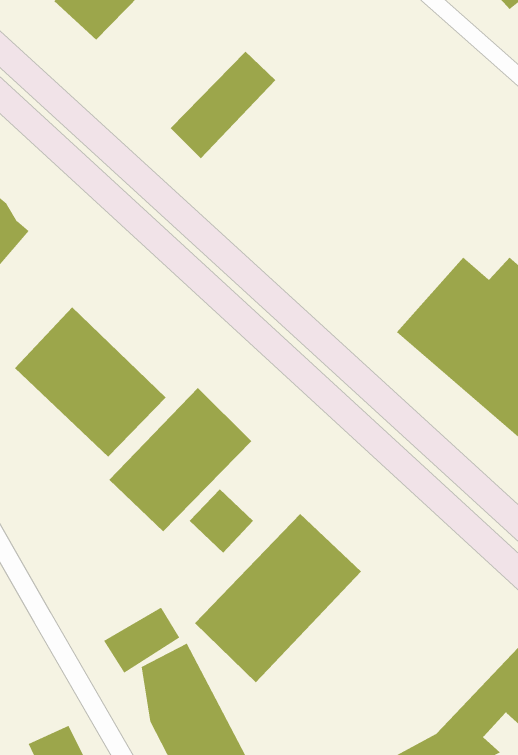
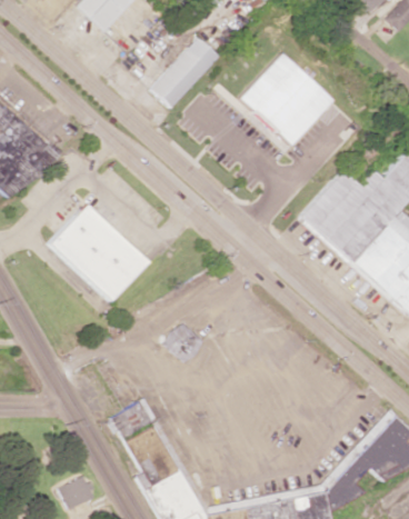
building: none -> [238,53,331,151]
building: [109,387,252,532] -> none
building: [194,513,362,683] -> none

